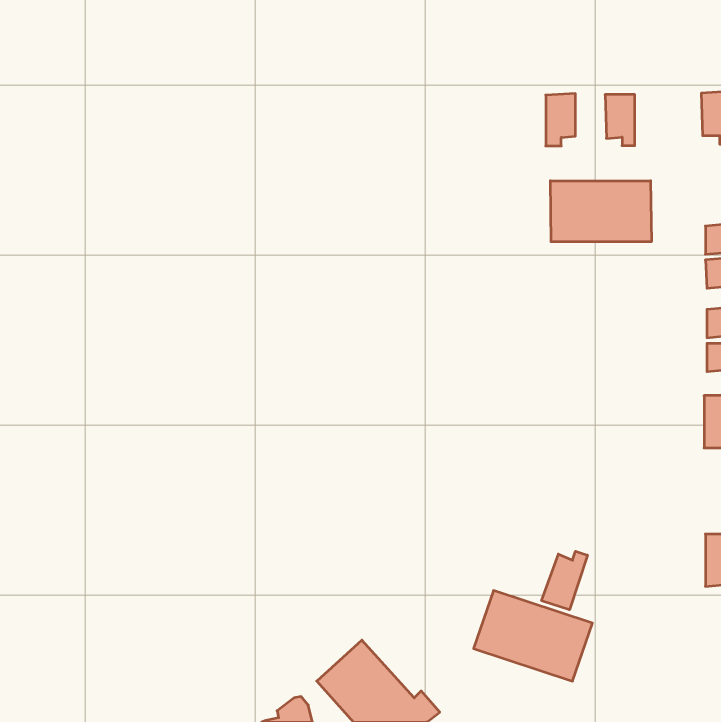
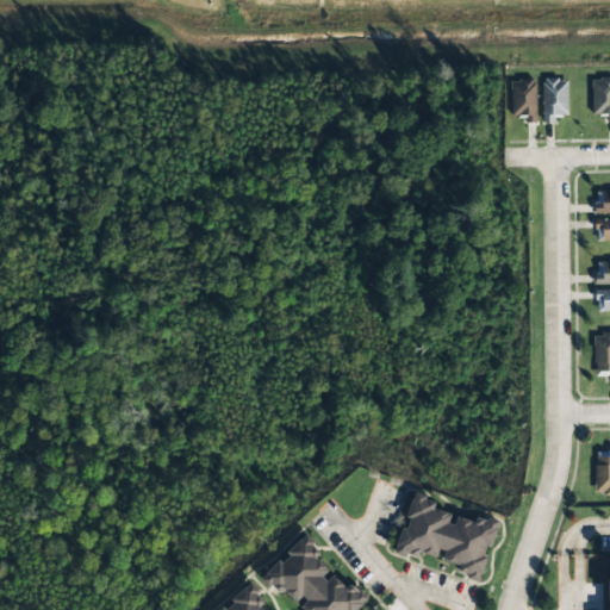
building: [546,94,575,146] -> [543,79,568,123]
building: [550,181,651,242] -> none
building: [542,551,587,610] -> none

